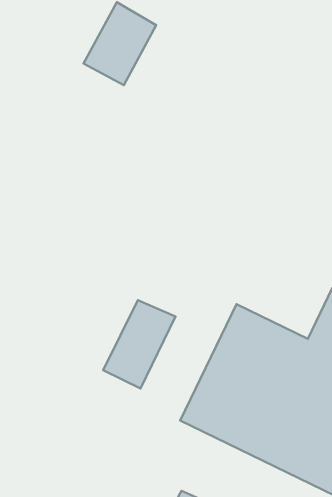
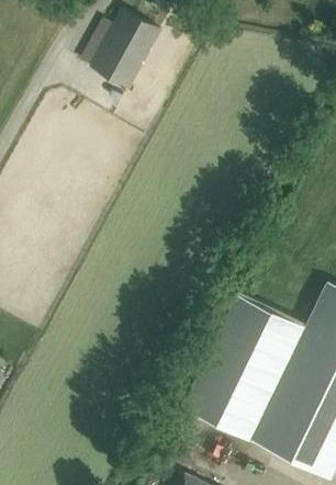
building: [103,300,175,389] -> none

